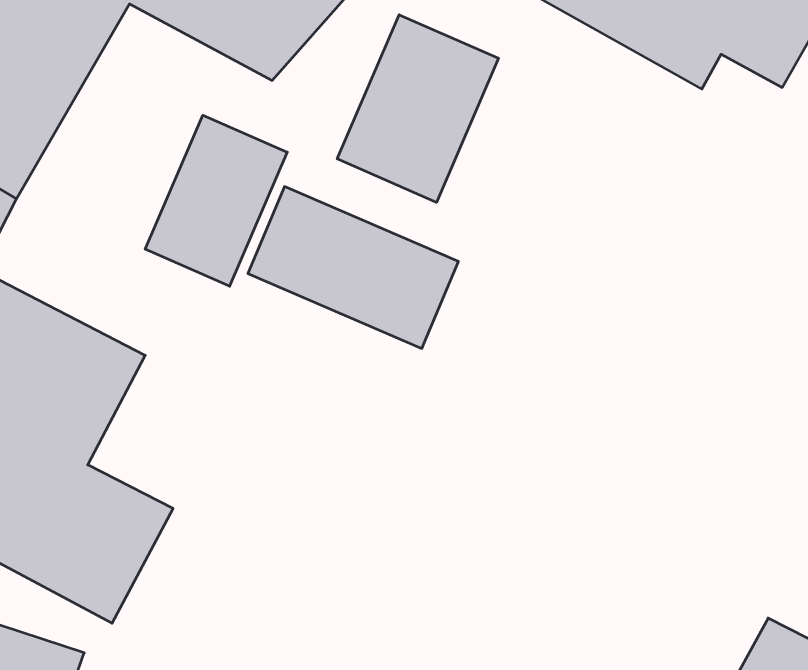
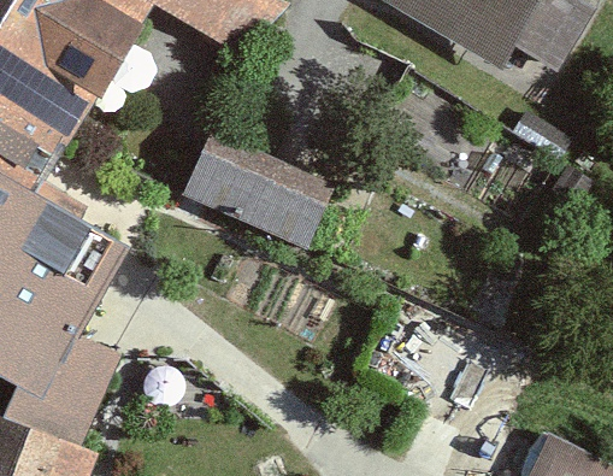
building: [337,15,498,202] -> none
building: [145,115,287,286] -> none

